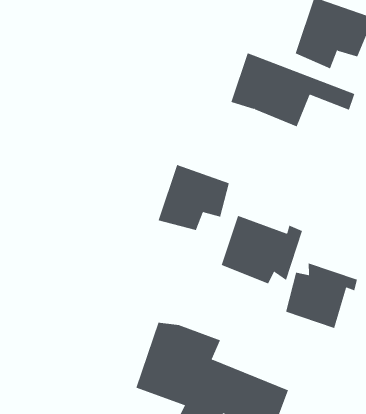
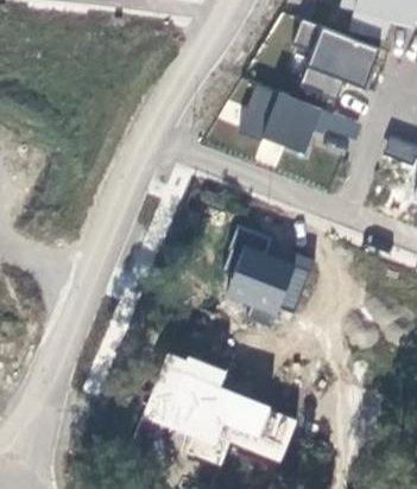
building: [158,164,229,231] -> none
building: [285,263,357,329] -> none

